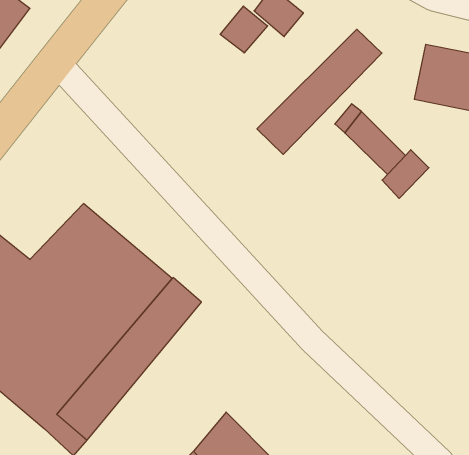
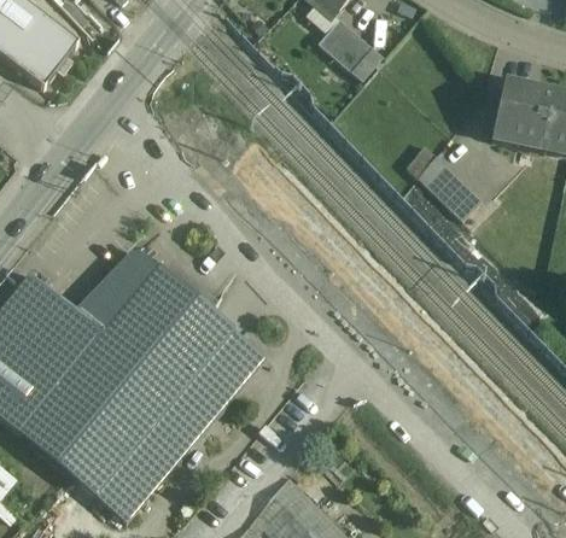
building: [220,6,268,53] -> none
building: [257,29,382,154] -> none
building: [382,150,429,198] -> none

